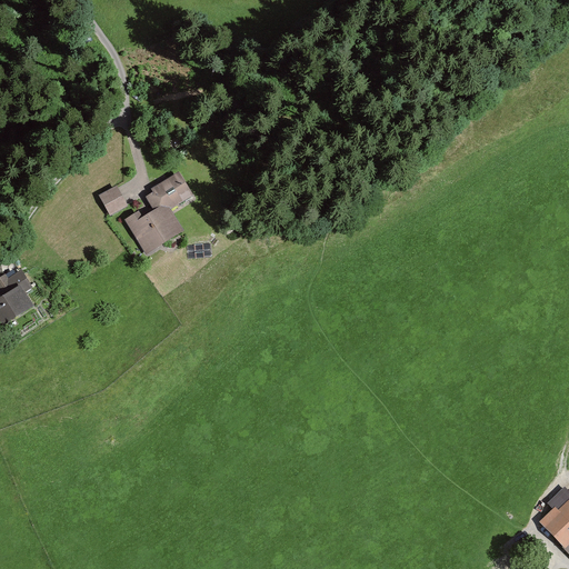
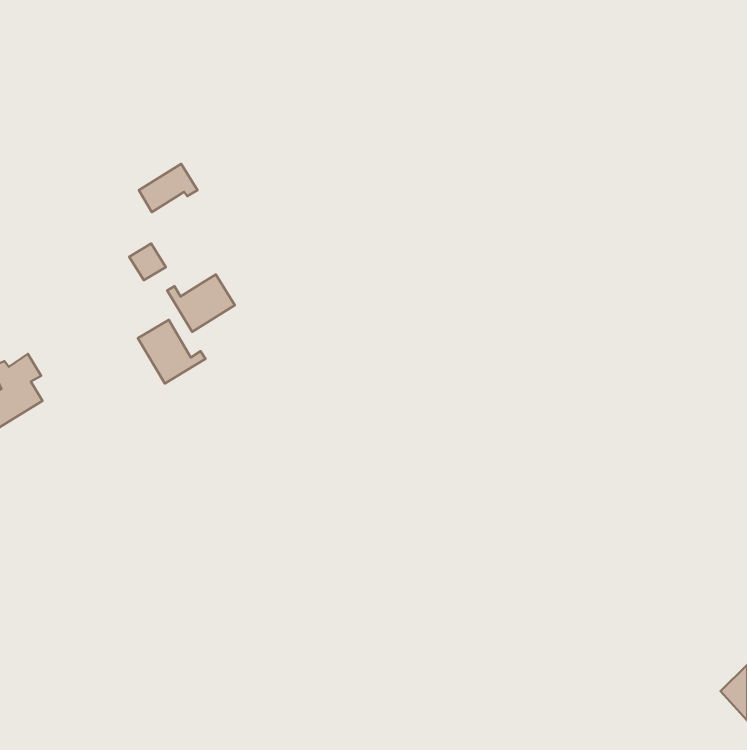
building: [144,177,189,213] -> [139,164,197,212]
building: none -> [138,320,205,383]

